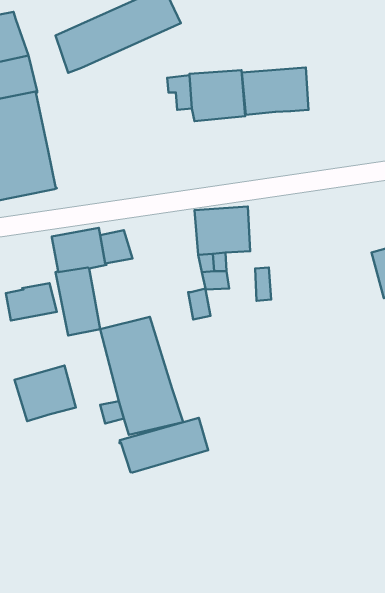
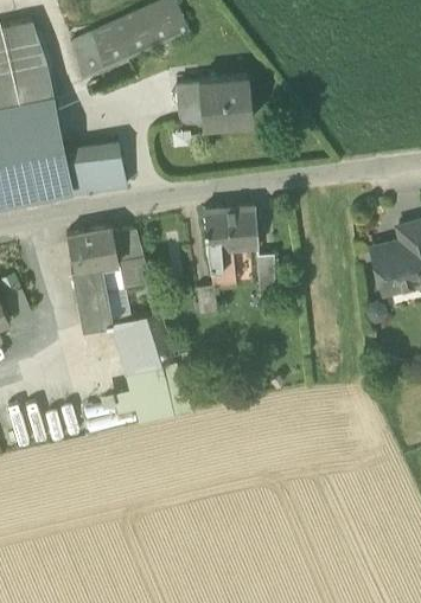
building: [242,67,309,115] -> none
building: none -> [63,145,127,193]
building: [6,283,57,320] -> [102,256,151,291]
building: [15,365,76,421] -> none
building: [120,418,208,472] -> none

